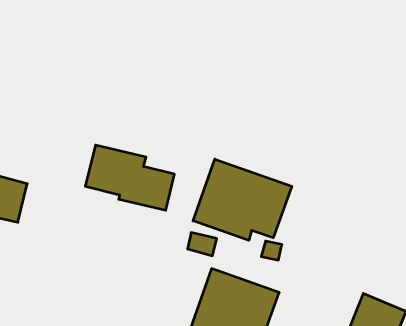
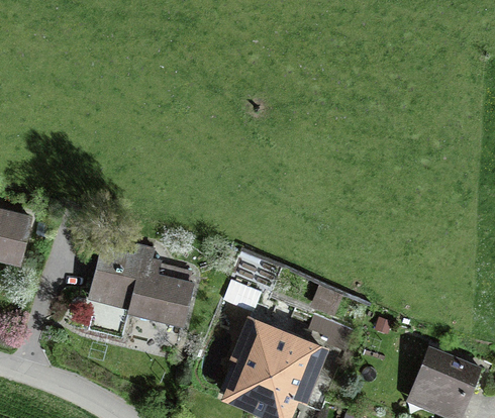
building: [85,145,174,210] -> [88,248,193,325]
building: [193,159,292,240] -> none

